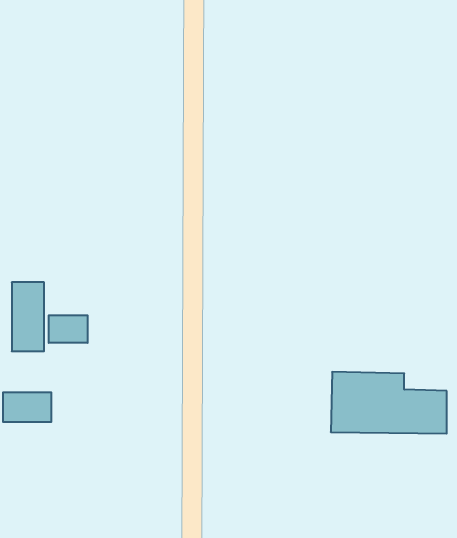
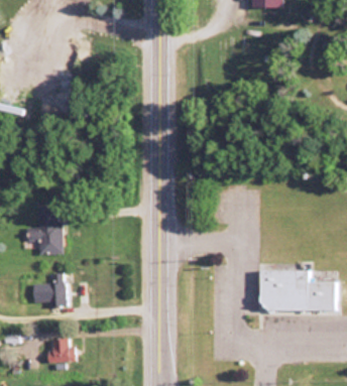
building: [49,315,88,343] -> none
building: none -> [48,340,76,363]

